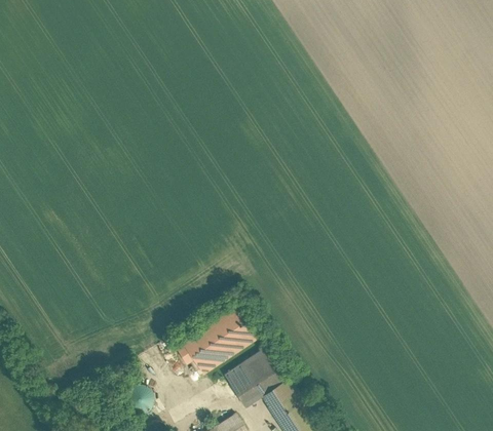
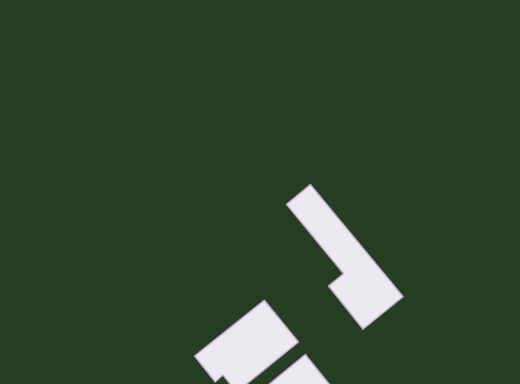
building: none -> [287,184,403,329]

